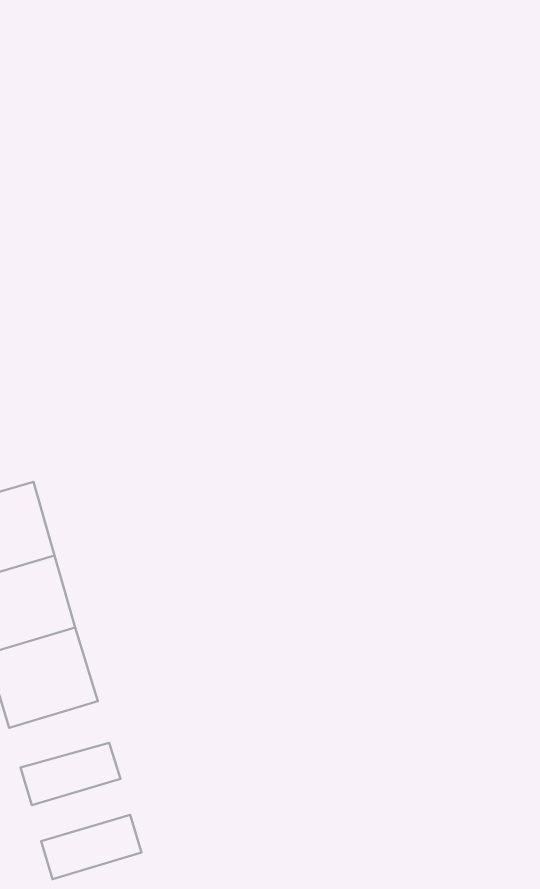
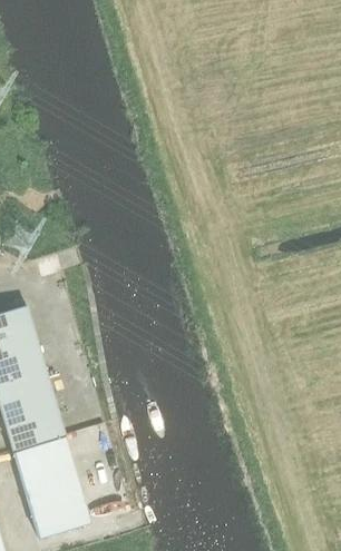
building: none -> [12,436,70,473]
building: none -> [25,480,82,516]

